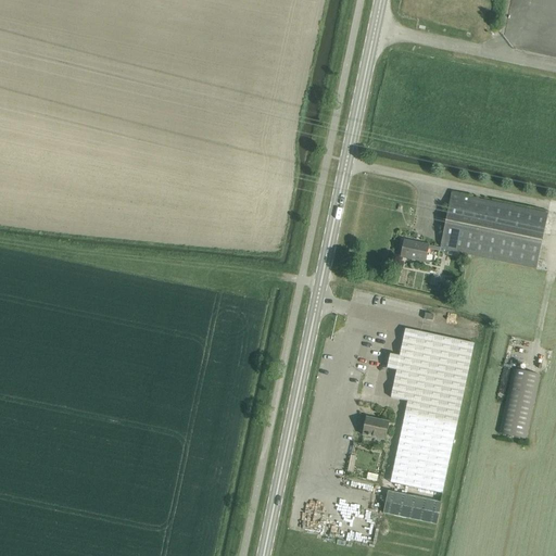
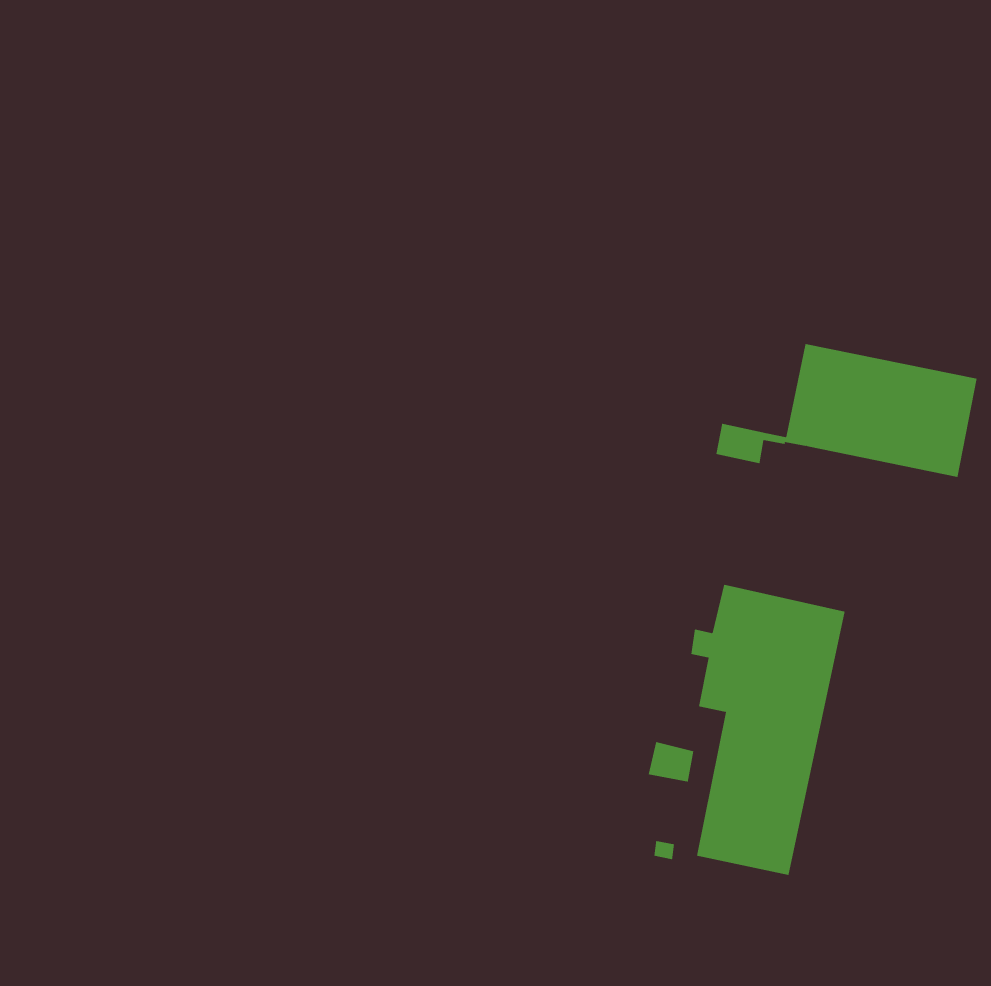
building: [498,366,540,438] -> none
building: [383,489,441,522] -> none

